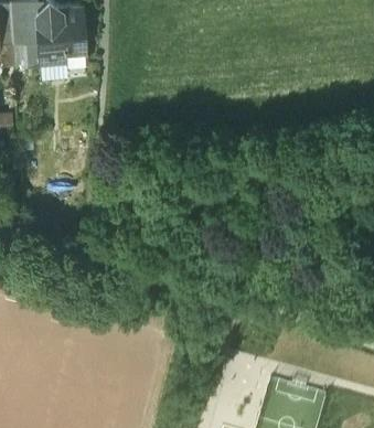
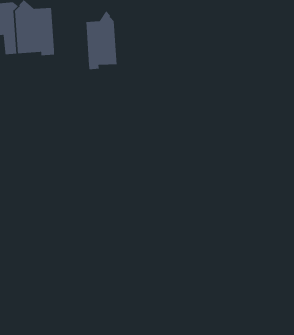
building: none -> [85,10,117,70]

